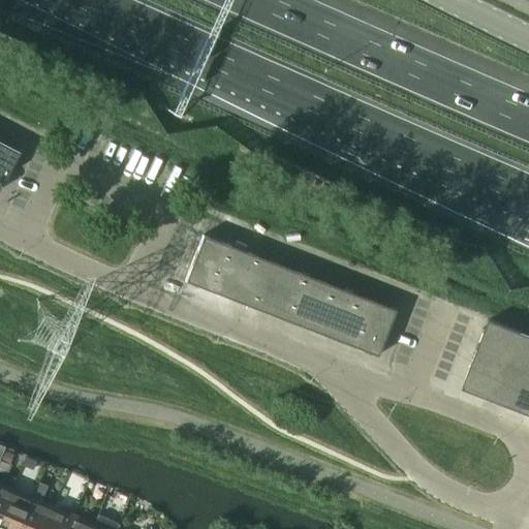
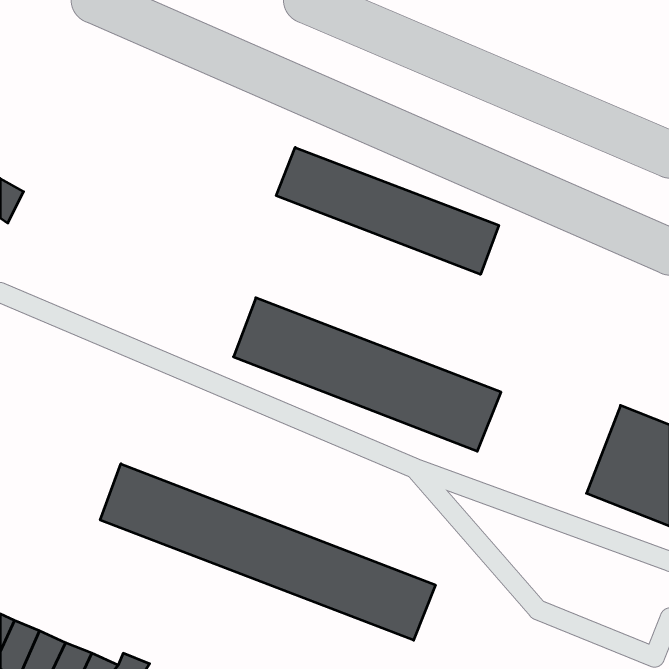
building: none -> [276,147,499,274]
building: none -> [100,464,435,640]

